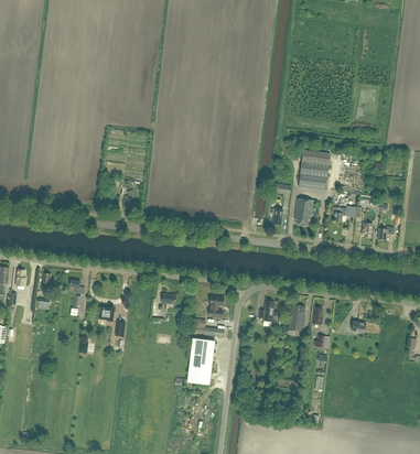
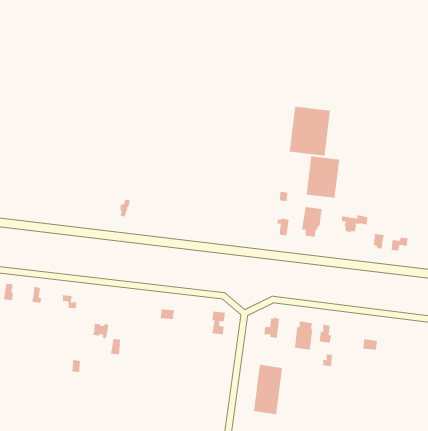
building: none -> [289,106,330,157]
building: [187,337,215,385] -> [253,364,283,415]

